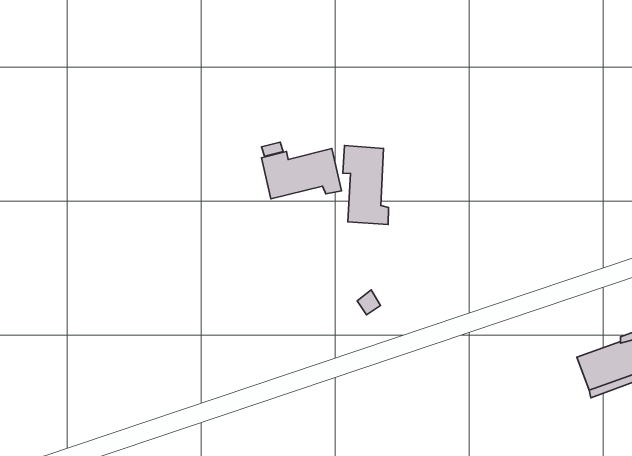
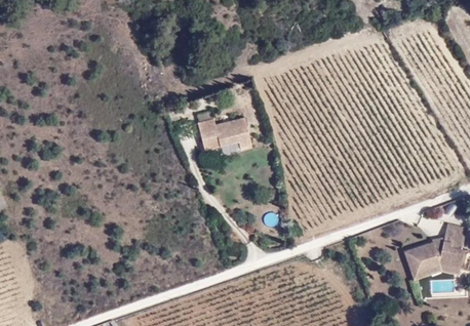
building: [343,146,388,224] -> none

